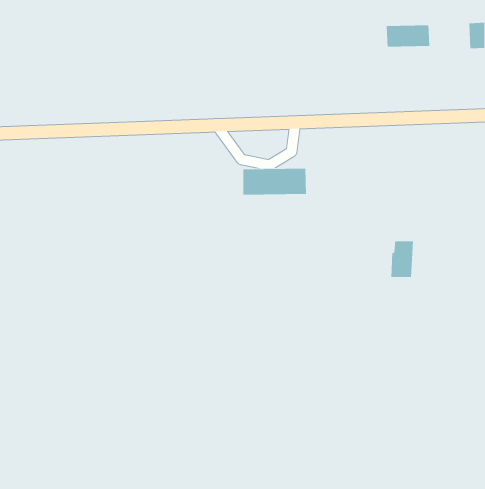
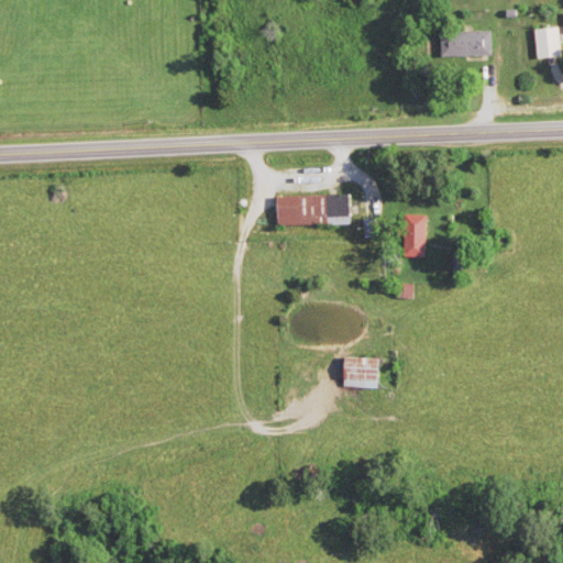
building: [391,241,414,277] -> [401,216,428,257]
building: none -> [344,357,379,388]

